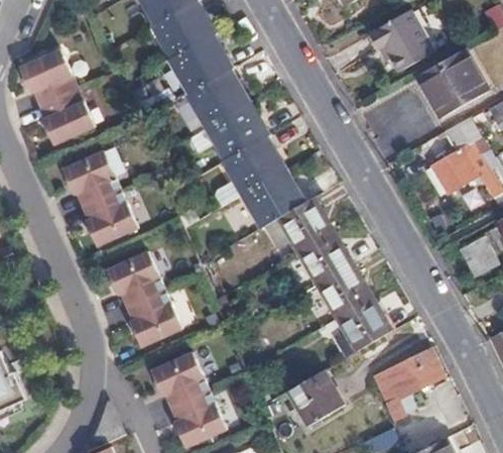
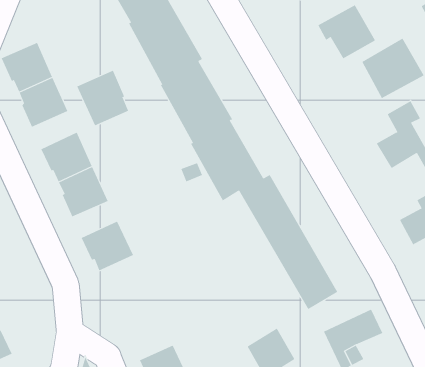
building: none -> [77,70,129,126]
building: [123,290,179,347] -> none
building: [148,352,207,408] -> none

